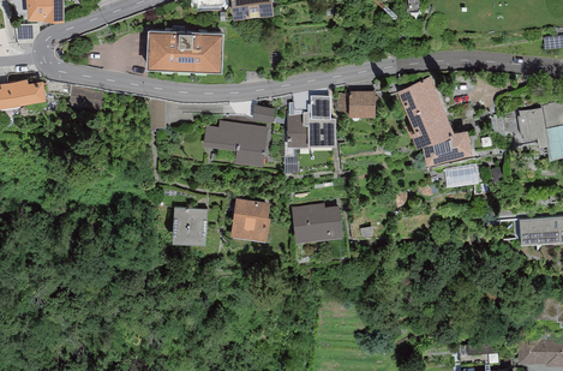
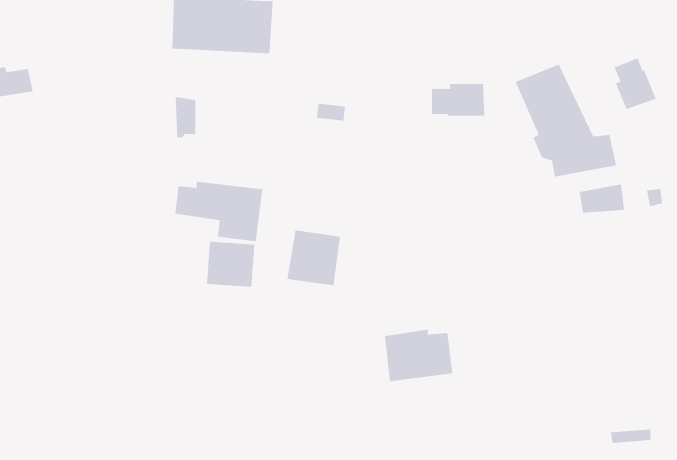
building: none -> [614,57,656,110]
building: [285,97,335,146] -> none
building: [203,124,268,168] -> [174,181,263,242]
building: [292,204,342,243] -> [384,329,453,382]

